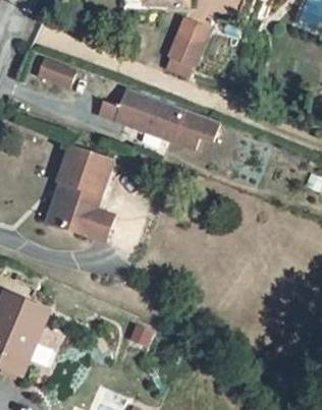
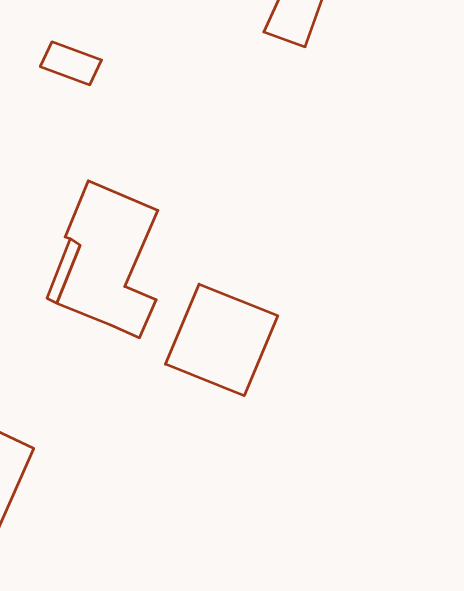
building: [105,84,227,144] -> none
building: none -> [165,284,278,396]

